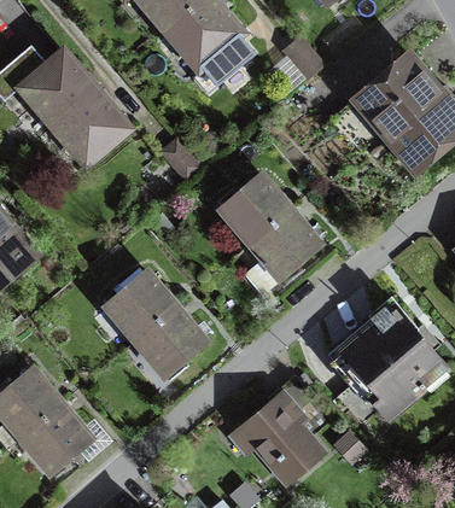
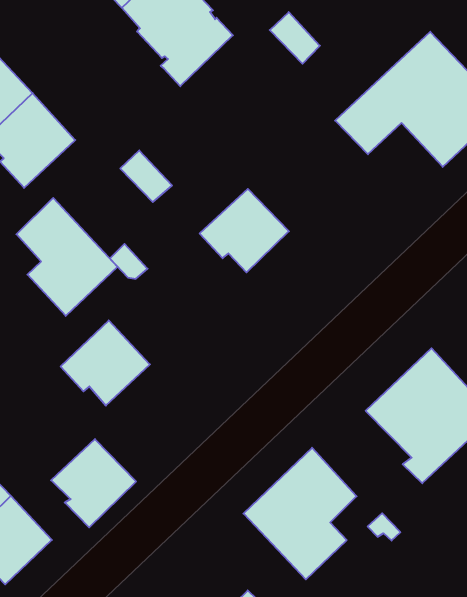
building: none -> [16,198,118,316]
building: [245,209,320,293] -> none
building: [139,306,205,375] -> [51,439,136,527]

